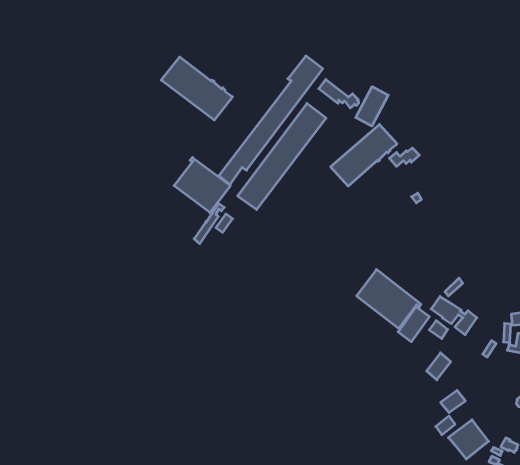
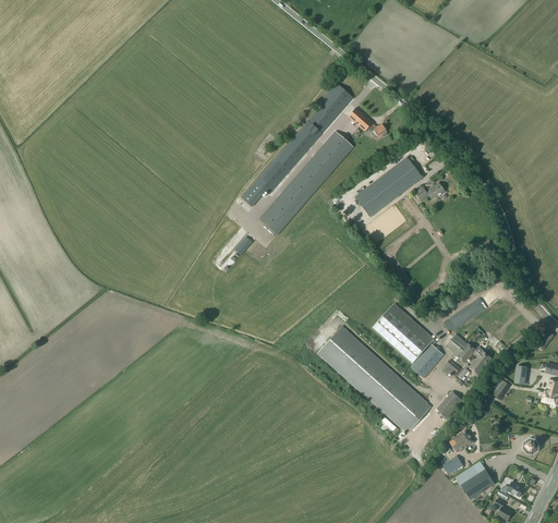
building: [161,57,233,120] -> none
building: [356,87,388,126] -> none
building: [174,157,230,213] -> none
building: none -> [317,326,430,431]

